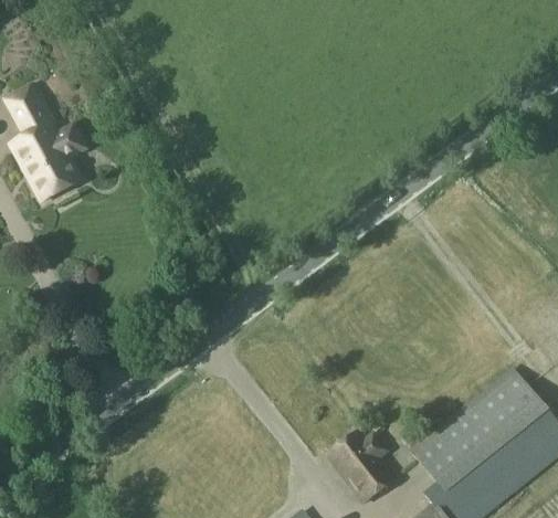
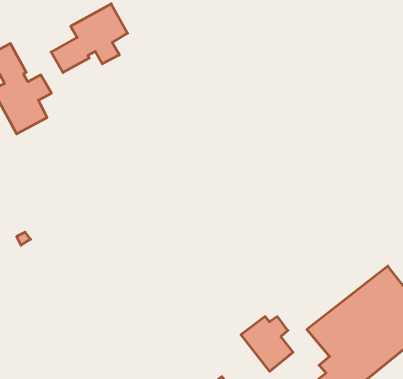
building: none -> [51,4,128,73]

